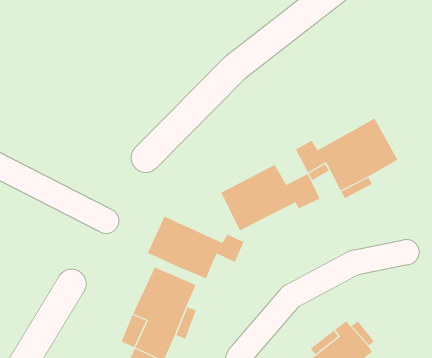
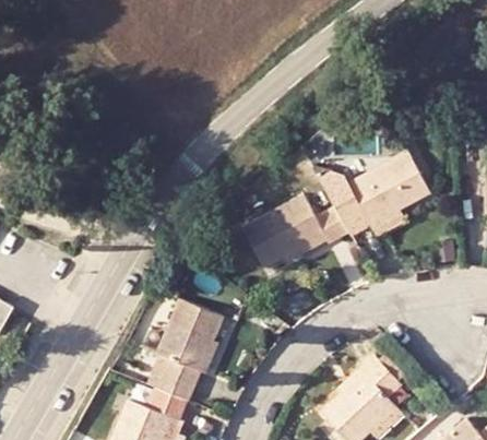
building: [147,216,244,279] -> none

